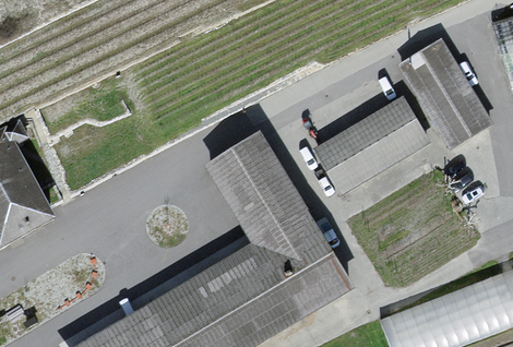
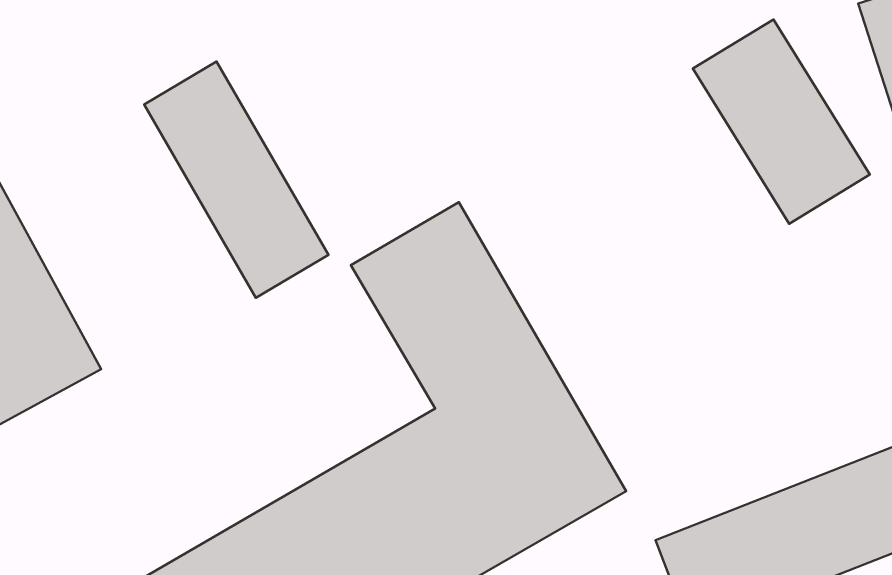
building: none -> [144,62,328,298]
building: [311,89,428,191] -> none

